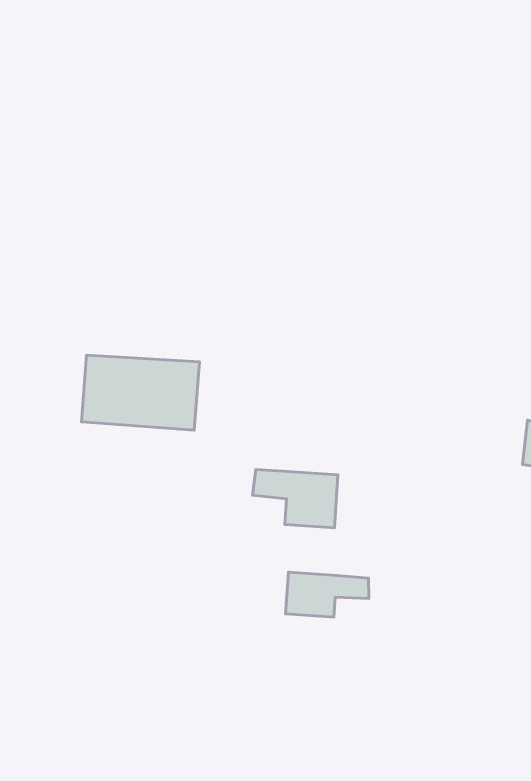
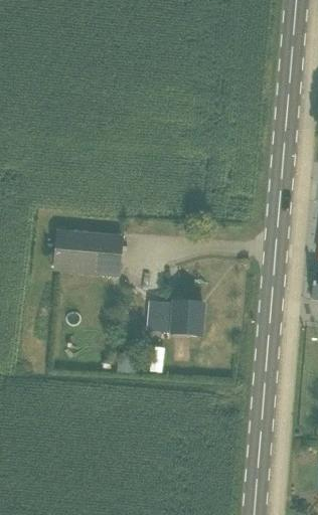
building: [286,572,369,617] -> none

